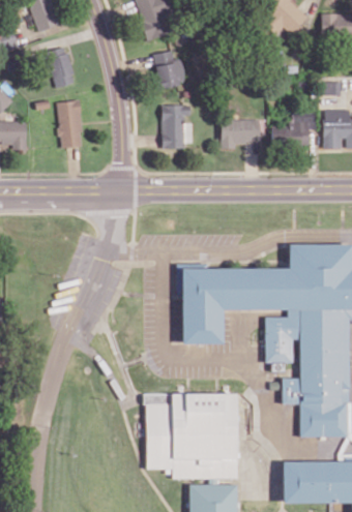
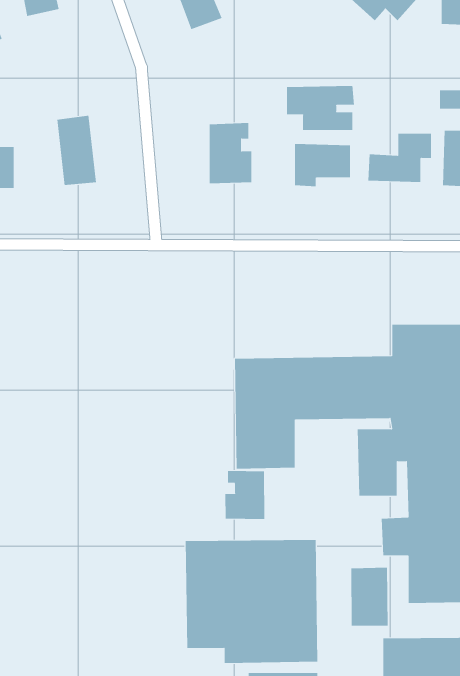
building: [45,47,76,88] -> none
building: [152,50,186,88] -> none
building: none -> [287,85,355,131]
building: none -> [225,470,265,520]
building: none -> [351,567,388,626]

